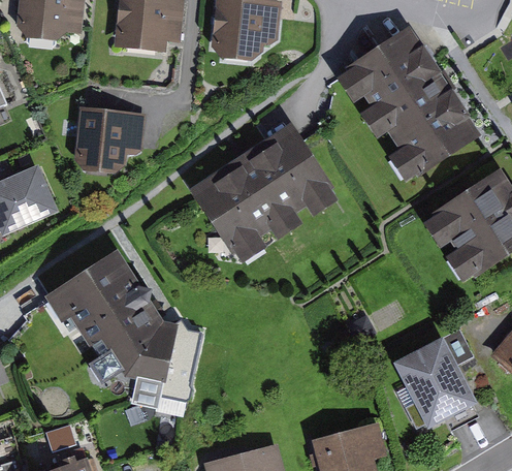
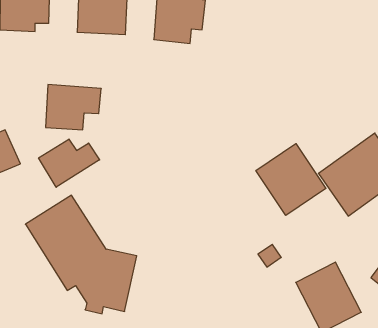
building: [345,30,478,175] -> none
building: [193,122,340,259] -> none
building: none -> [39,139,100,187]
building: none -> [256,144,326,215]

